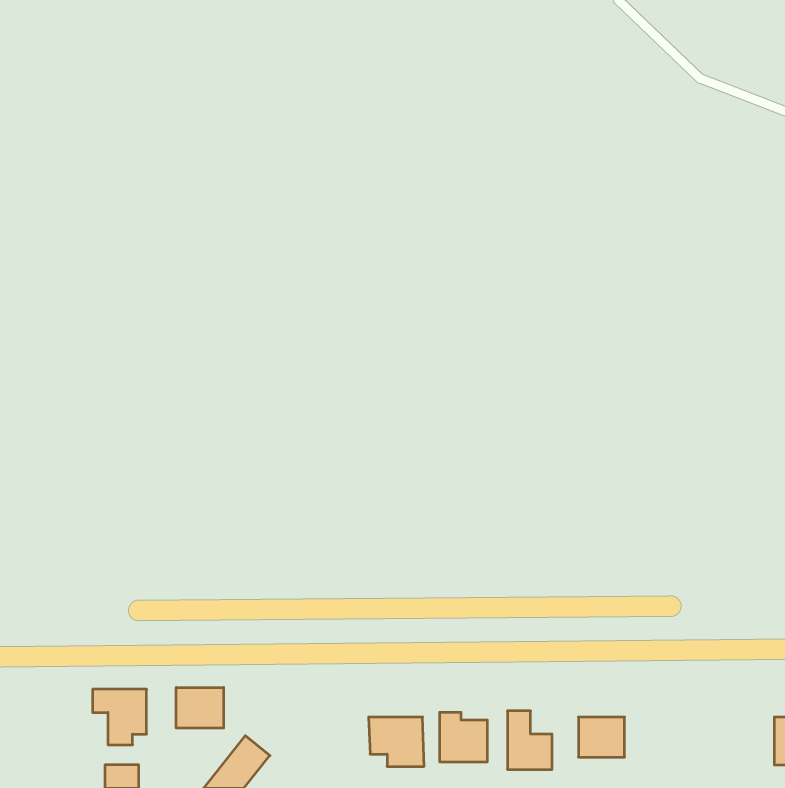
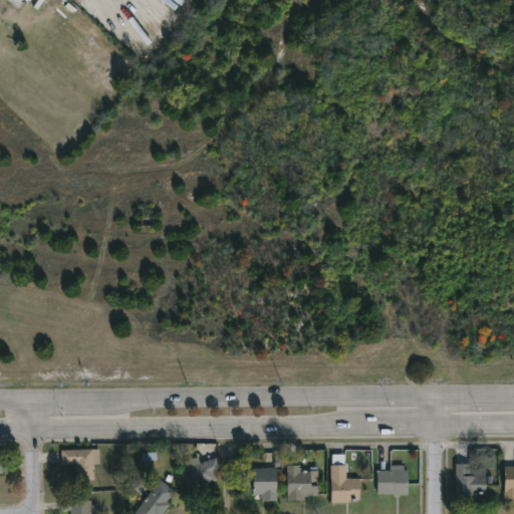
building: [176,687,224,728] -> none
building: none -> [187,458,220,484]
building: none -> [456,463,487,498]

